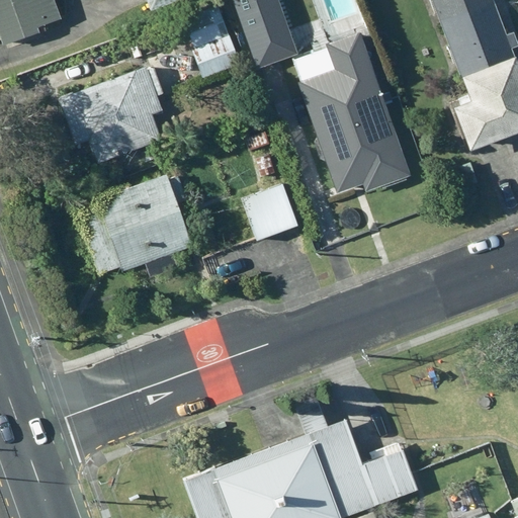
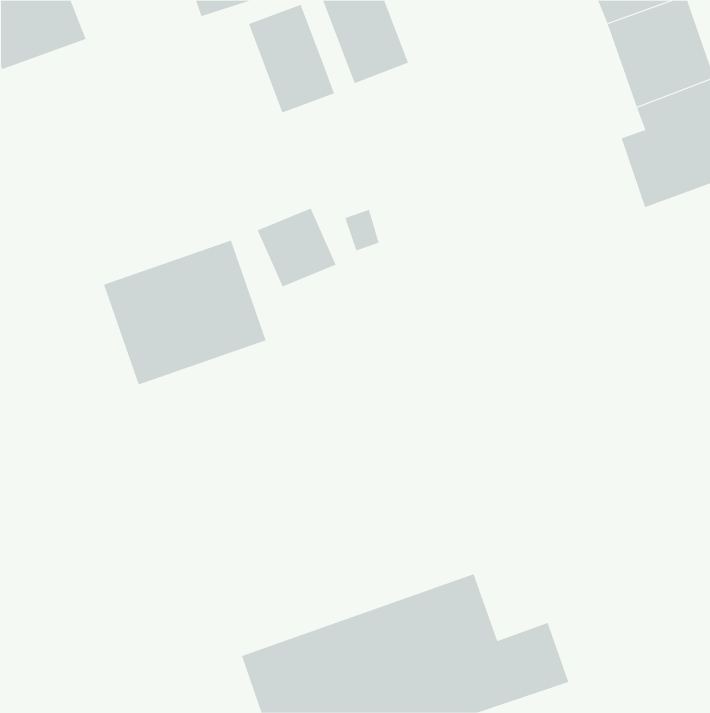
building: [293,29,413,205] -> none
building: [55,68,168,169] -> none
building: [241,185,298,243] -> [257,208,336,287]

